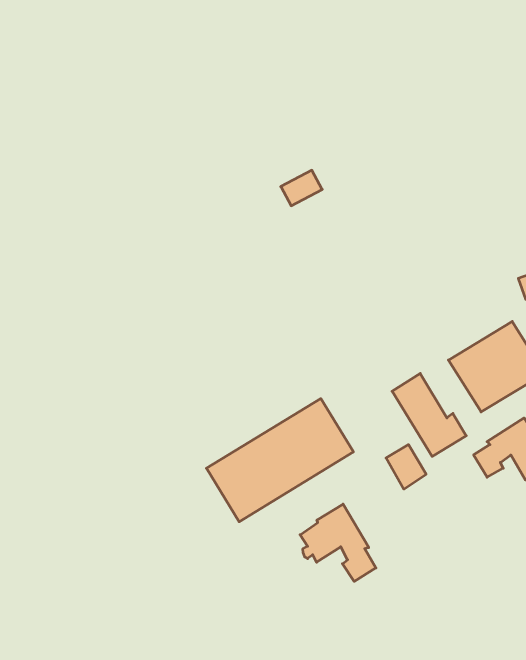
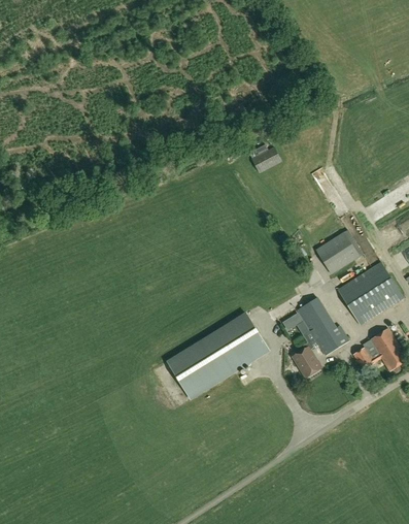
building: [281,170,322,206] -> [251,146,280,171]
building: none -> [314,231,357,272]
building: [300,504,376,581] -> none

